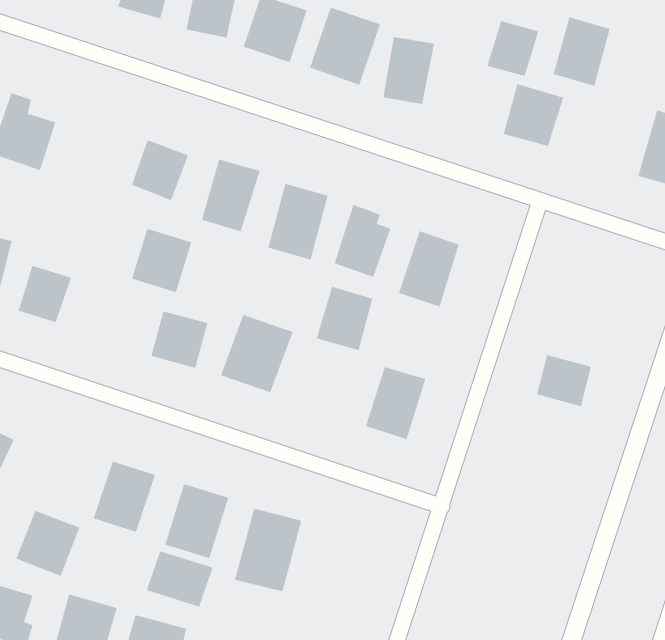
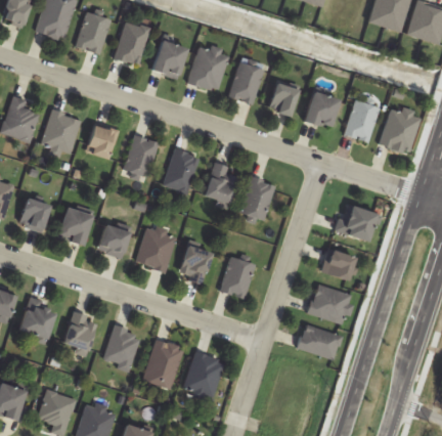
building: [553,17,611,86] -> [345,99,379,140]
building: [487,21,539,77] -> [267,82,298,115]
building: none -> [42,110,82,152]
building: [131,228,192,293] -> [55,206,91,244]
building: none -> [337,203,374,239]
building: [316,286,373,351] -> [177,245,211,282]
building: none -> [309,284,353,322]
building: none -> [297,323,343,359]
building: [16,510,80,576] -> [18,300,56,339]
building: none -> [185,351,225,395]
building: [146,551,213,607] -> none

